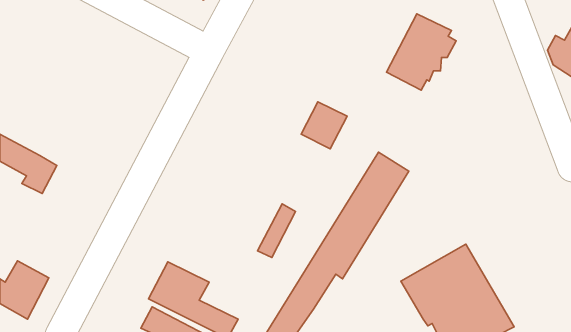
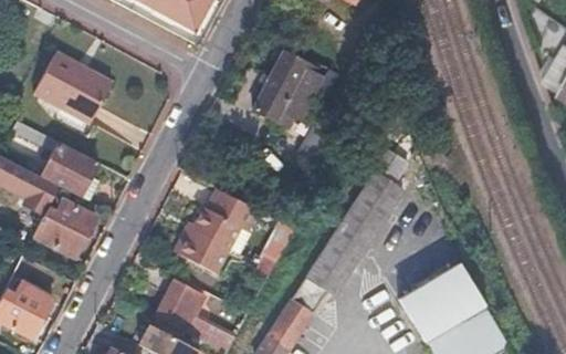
building: [387,14,456,90] -> [253,50,322,125]
building: none -> [32,54,109,124]
building: none -> [12,119,98,200]
building: none -> [171,189,259,275]
building: none -> [31,197,92,254]

